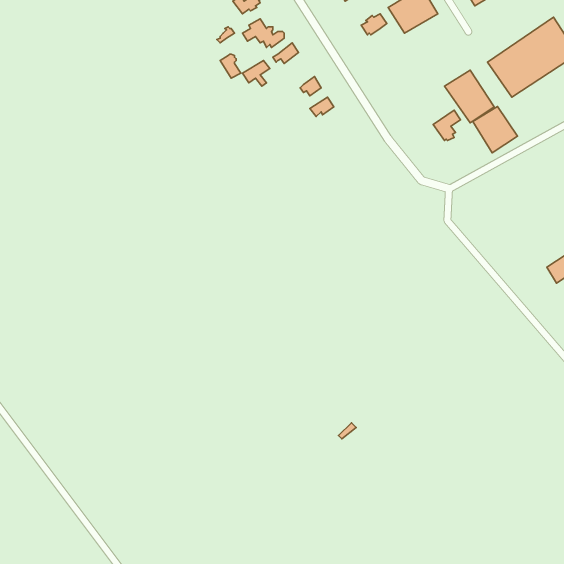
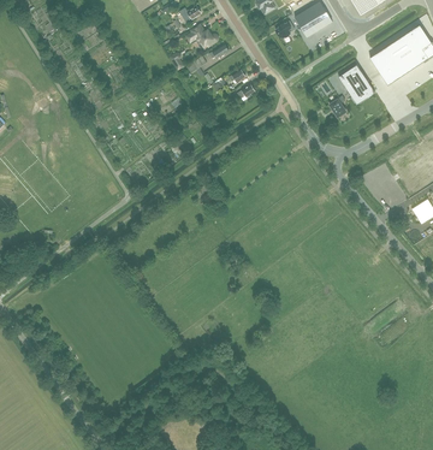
building: [473,106,518,153] -> none

